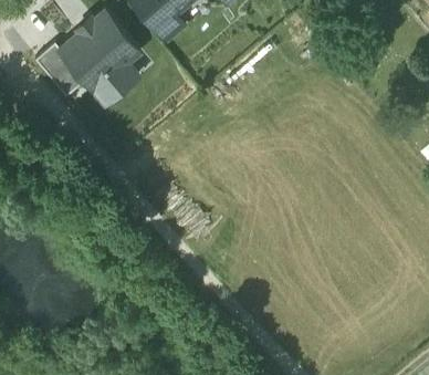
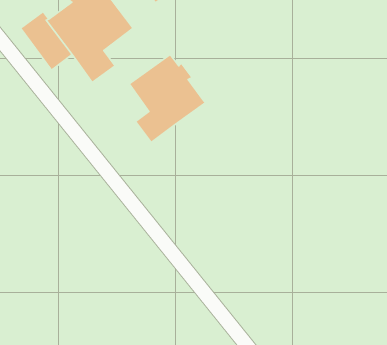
building: none -> [129,54,206,143]

